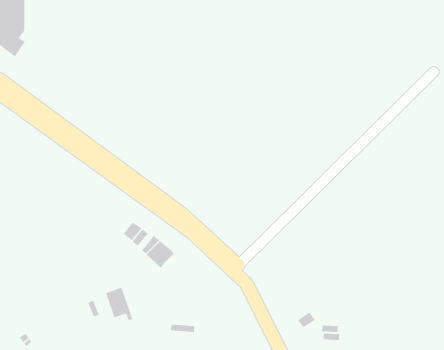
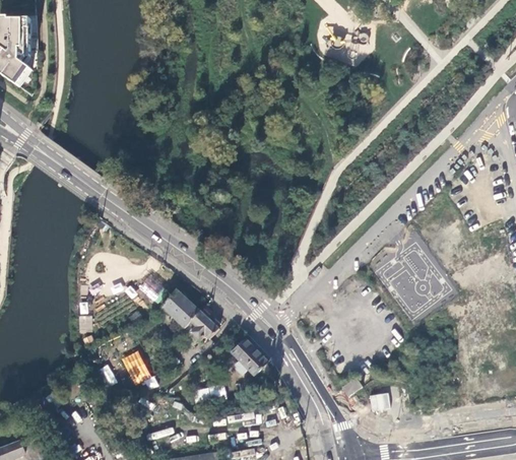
building: none -> [190,311,219,340]
building: none -> [232,338,268,376]

